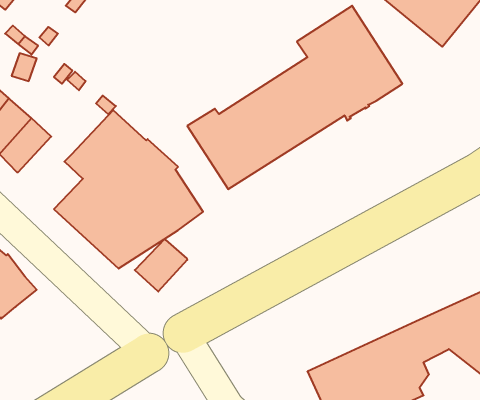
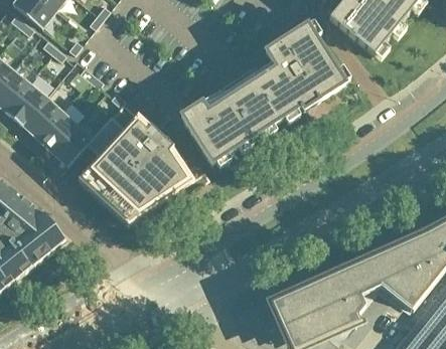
building: none -> [51,124,92,165]
building: [135,239,187,292] -> none

